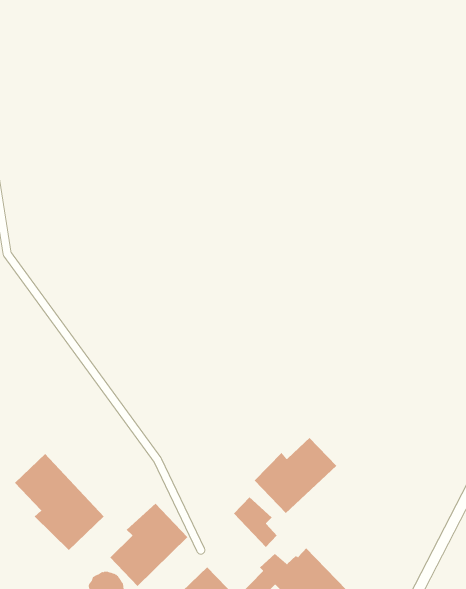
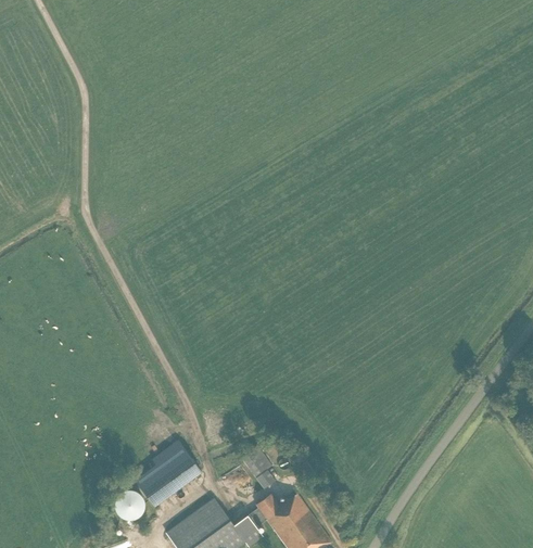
building: [254,437,337,514] -> none
building: [14,453,105,551] -> none

